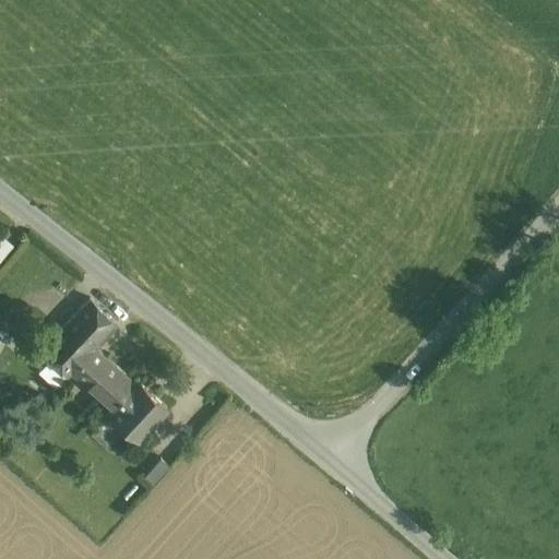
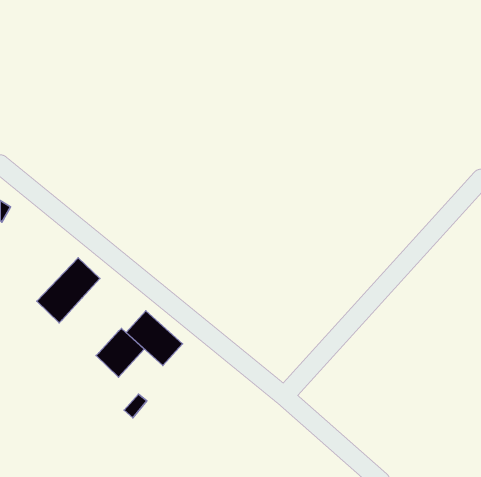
building: [72,350,138,414] -> [126,311,183,366]

